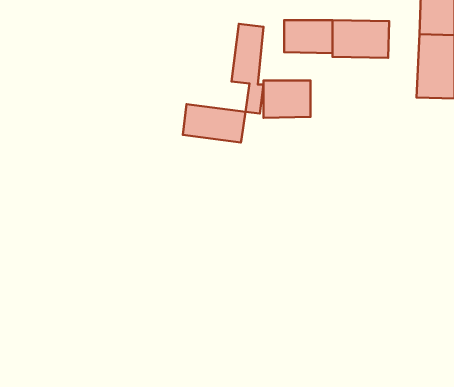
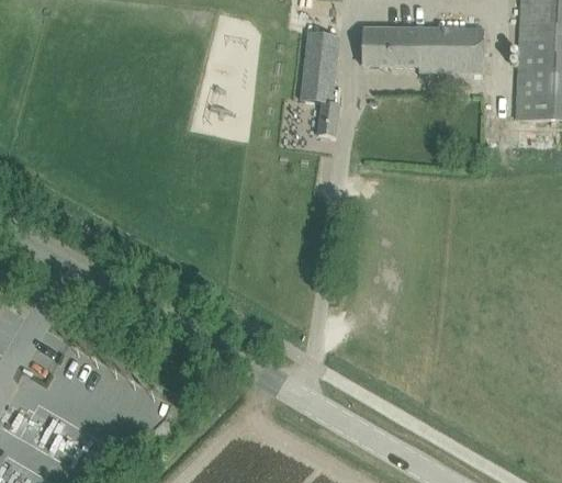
building: [264,80,310,118] -> none
building: [183,104,246,142] -> none

